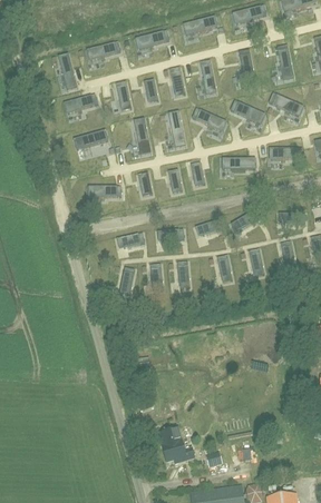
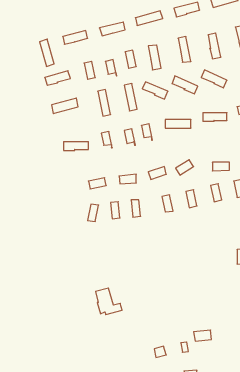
building: [159,428,194,463] -> [96,288,122,315]

